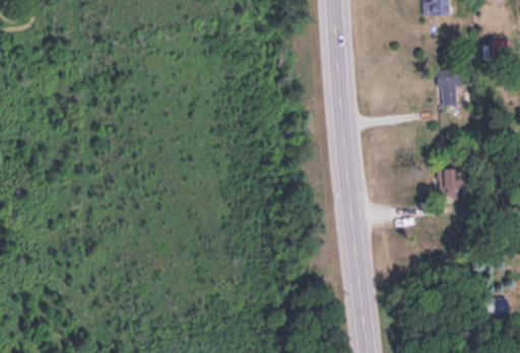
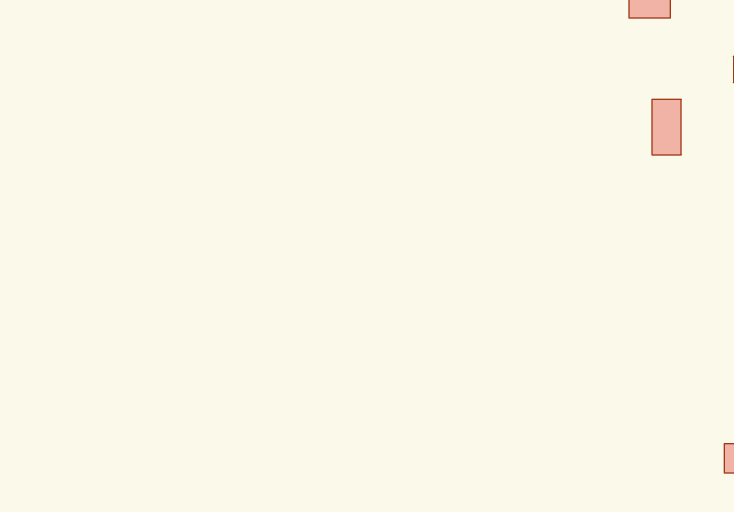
building: [439,168,458,198] -> none

